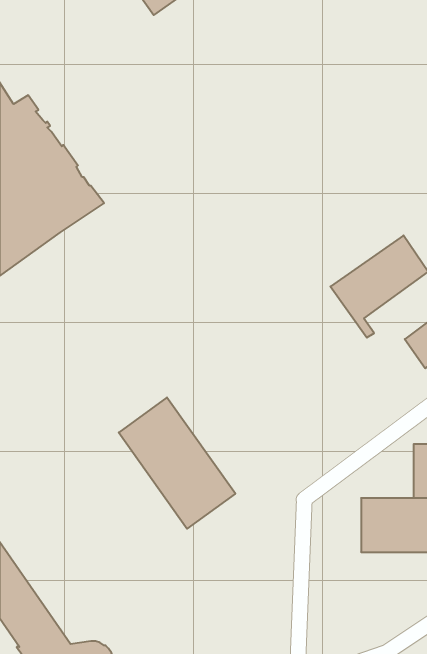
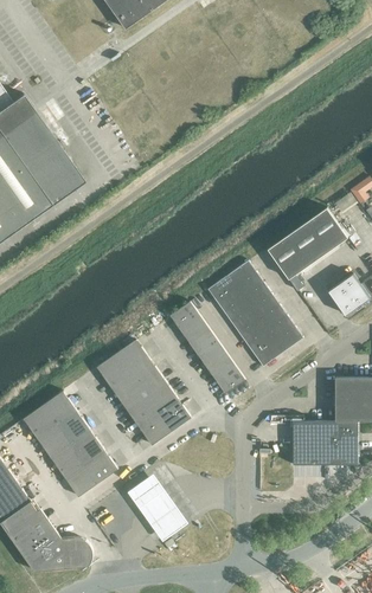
building: none -> [209,260,303,367]
building: none -> [171,302,245,394]
building: none -> [24,392,118,497]
building: none -> [128,473,190,541]

